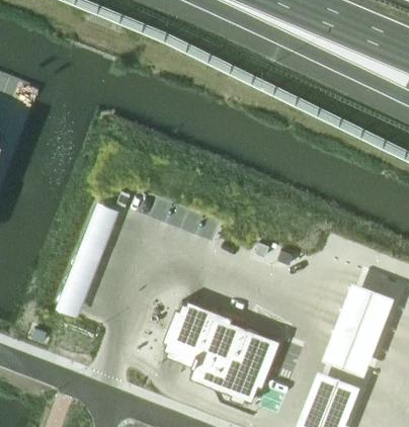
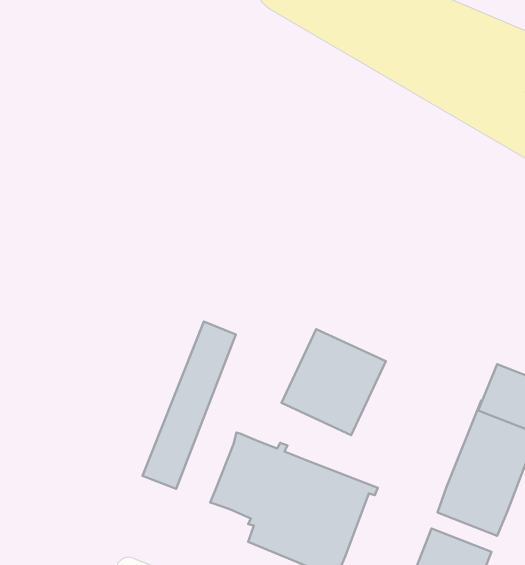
building: [55,203,119,320] -> [143,321,236,489]
building: none -> [282,329,386,435]

